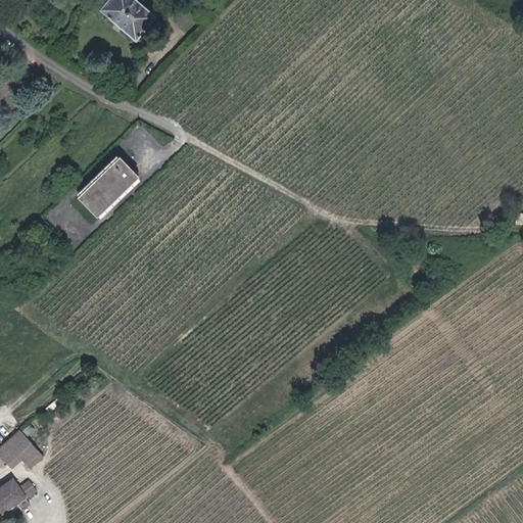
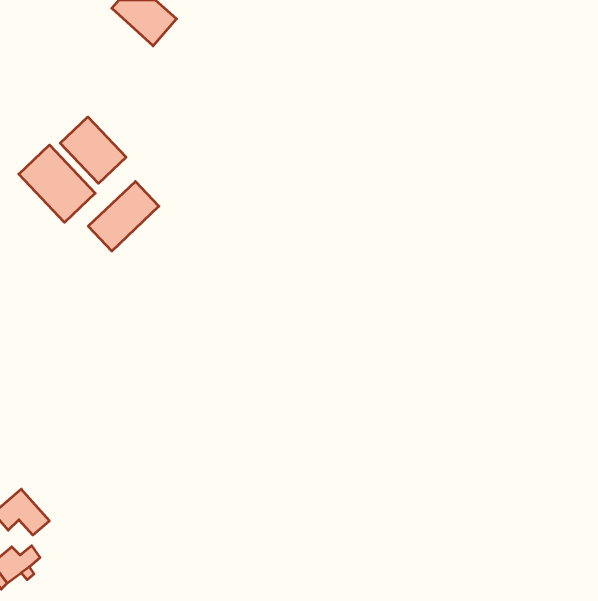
building: none -> [60,117,126,183]
building: none -> [19,145,95,222]

